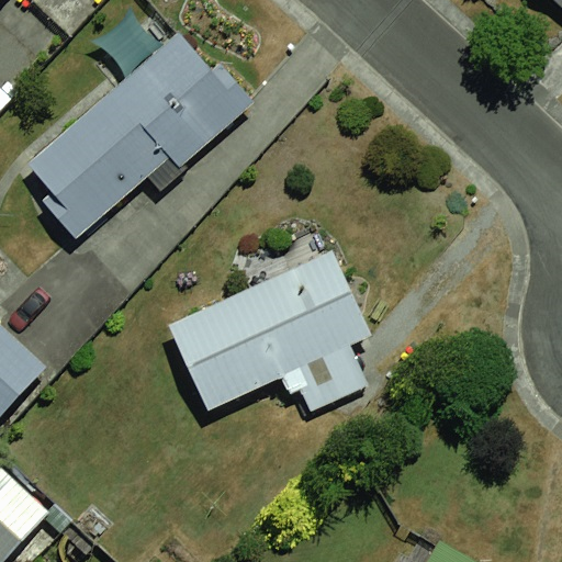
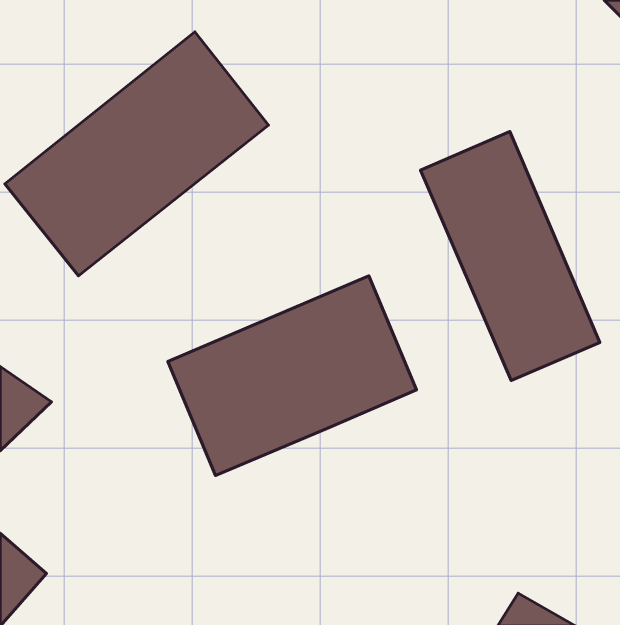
building: none -> [421,131,600,380]

